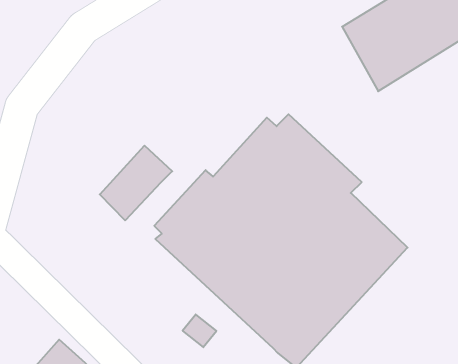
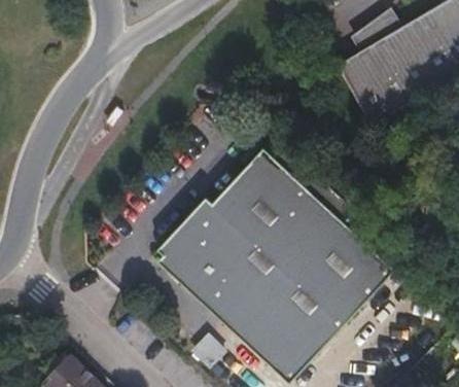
building: [100,146,172,220] -> none

